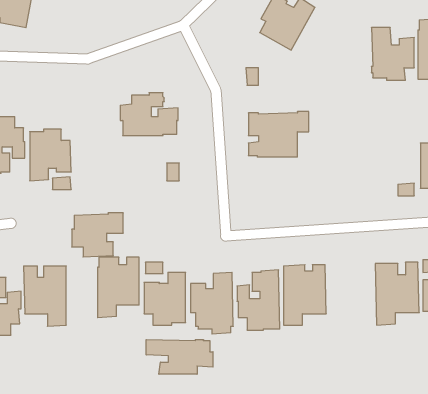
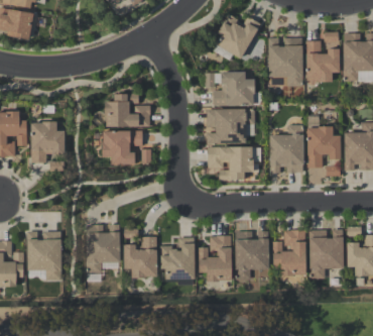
building: none -> [268,37,303,86]
building: none -> [214,72,255,106]
building: none -> [270,124,303,173]
building: none -> [307,127,341,167]
building: none -> [208,147,254,181]
building: [72,213,123,257] -> [101,130,142,165]
building: none -> [271,230,305,277]
building: [146,340,213,374] -> none

